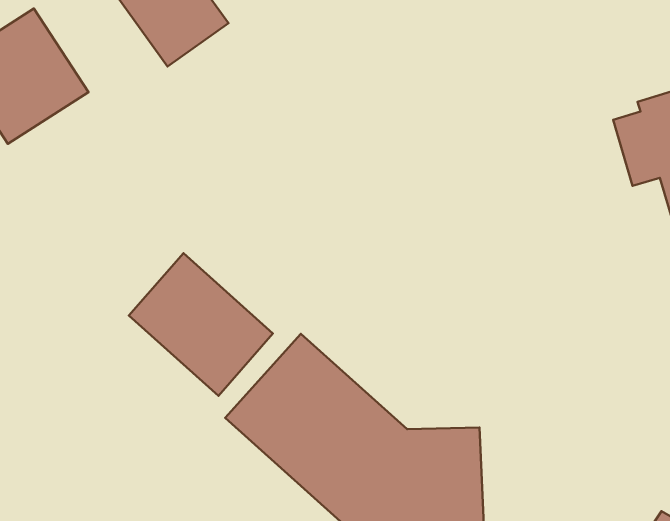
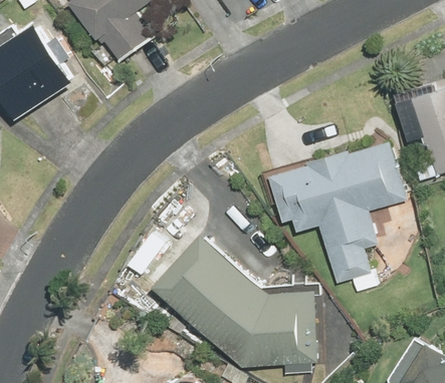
building: none -> [268,141,404,282]
building: [129,253,273,396] -> none

